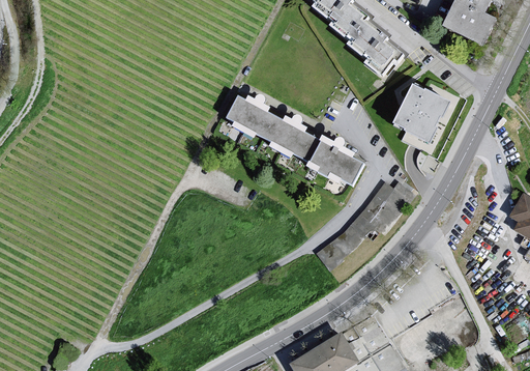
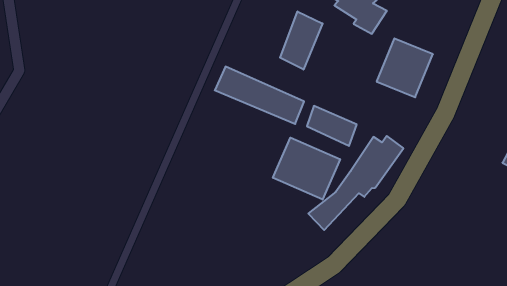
building: none -> [280,11,323,70]
building: none -> [273,138,340,200]

